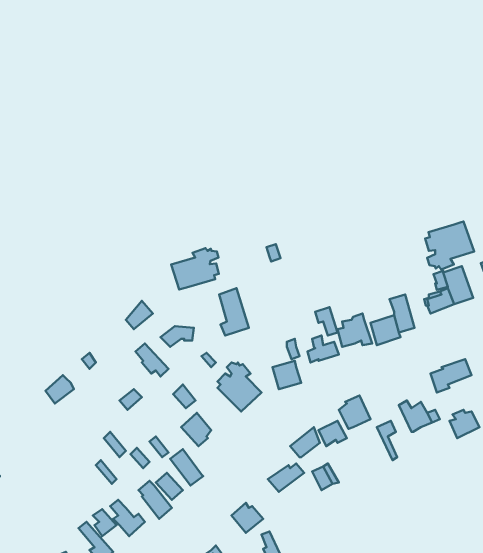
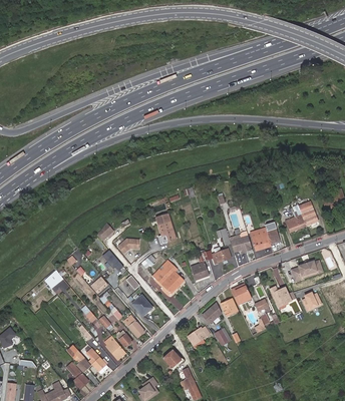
building: [425,222,474,270] -> none
building: [171,248,219,289] -> none

